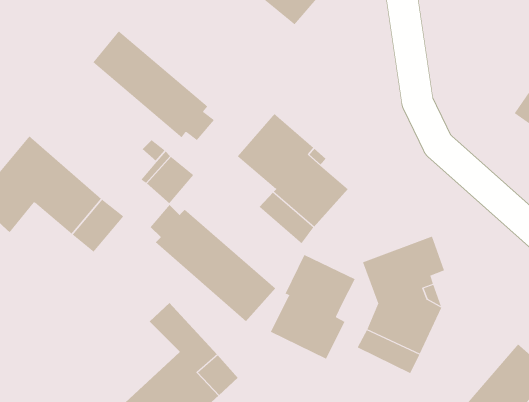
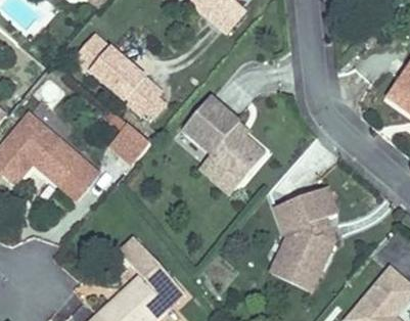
building: [150,204,276,322] -> none
building: [270,254,355,360] -> none

